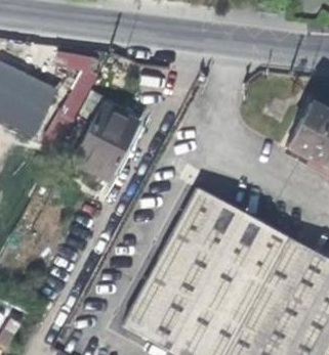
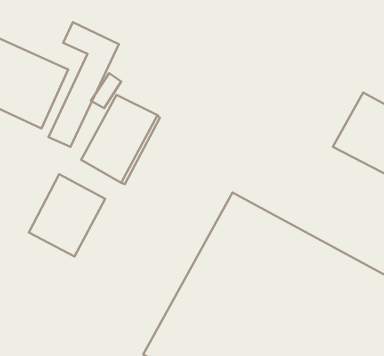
building: none -> [29,174,105,256]

